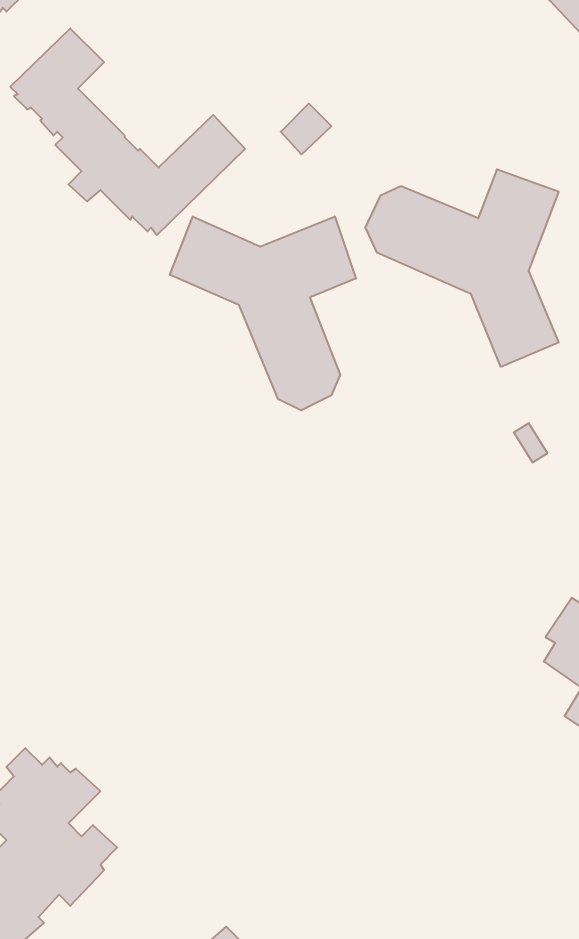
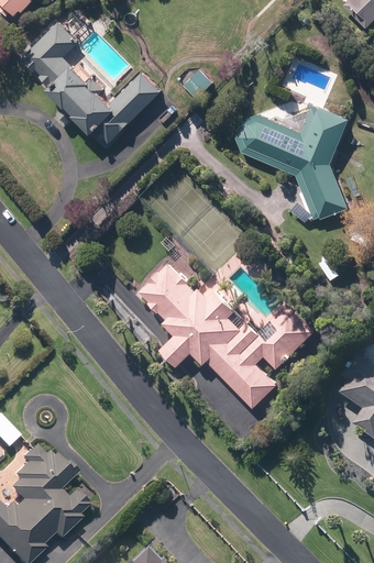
building: [170,216,356,411] -> none
building: none -> [139,265,312,409]

